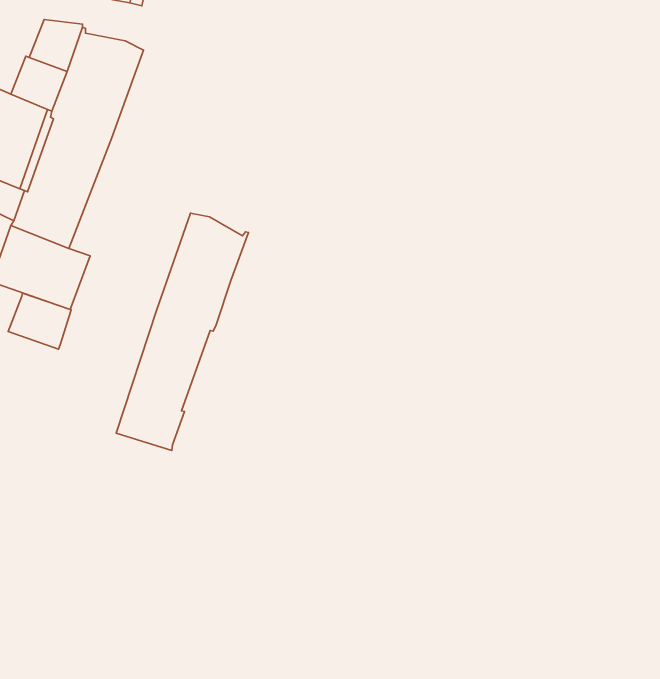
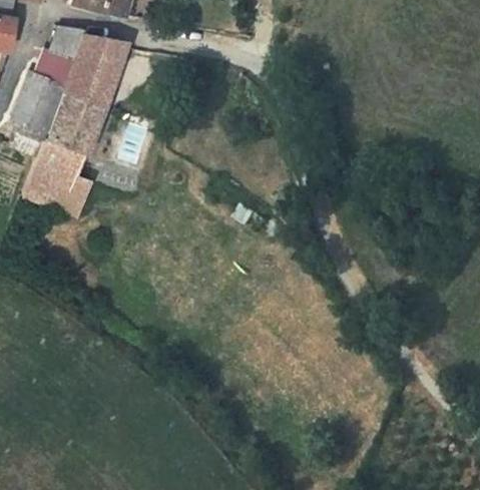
building: [116,213,248,451] -> none
building: [8,293,71,349] -> none

